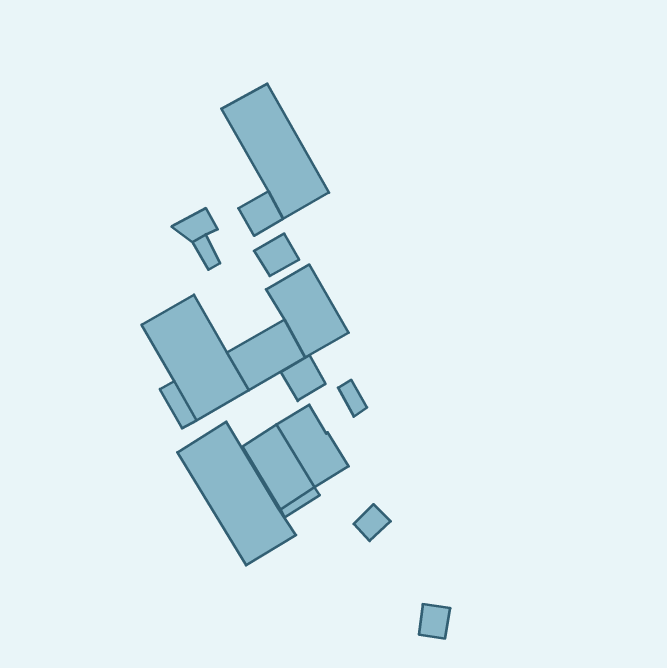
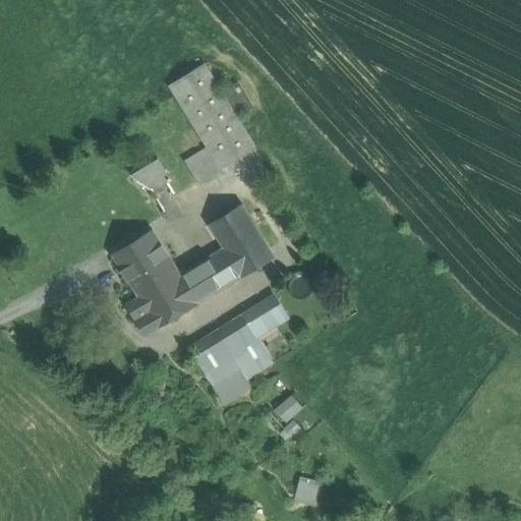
building: [254,234,299,276] -> none
building: [281,355,325,401] -> [240,302,275,338]
building: [177,422,296,565] -> none
building: [419,604,450,638] -> [294,477,319,504]

